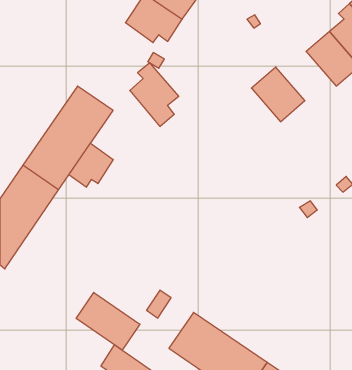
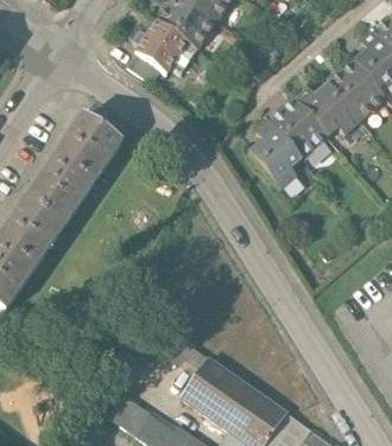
building: none -> [296,81,360,133]
building: [130,63,179,126] -> [248,120,301,187]
building: [69,143,113,187] -> none
building: [76,292,140,350] -> none

